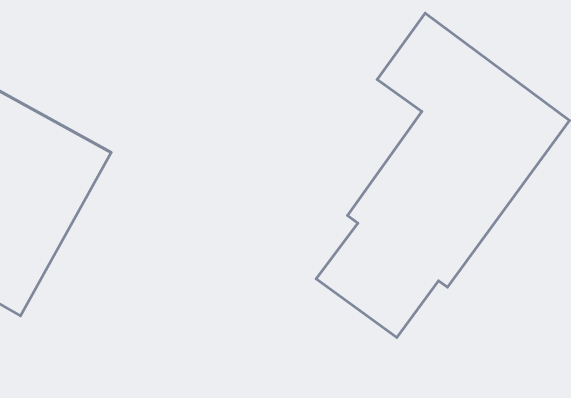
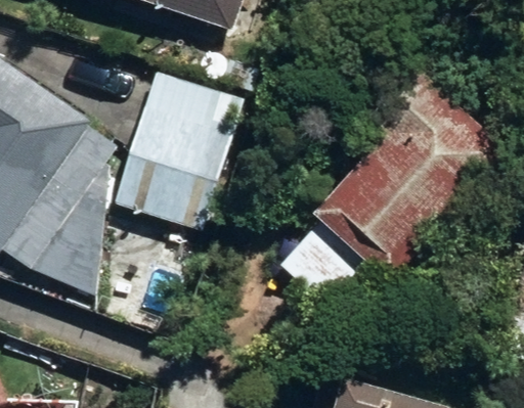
building: none -> [115,101,234,230]

